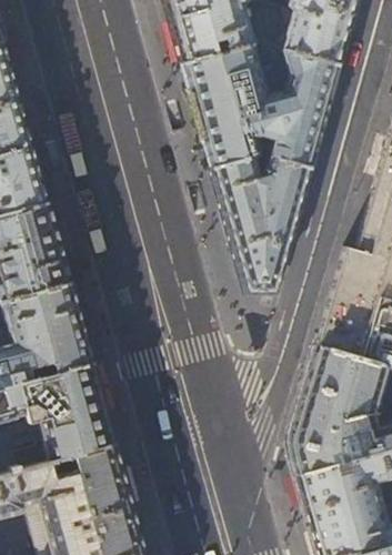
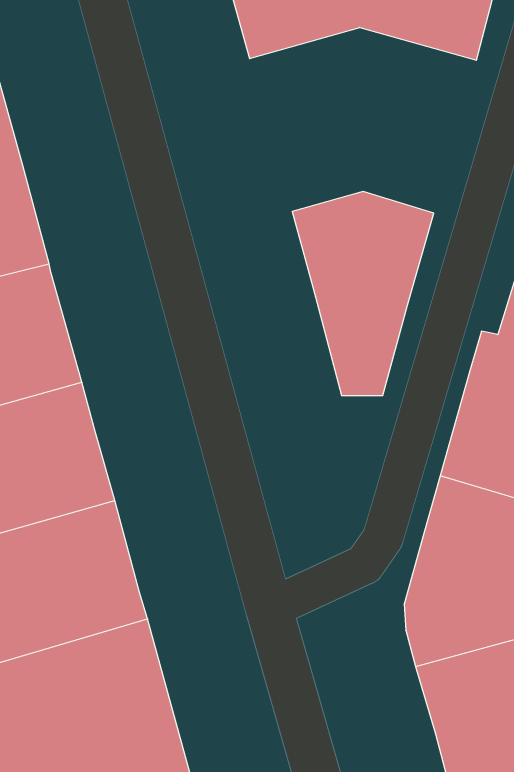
building: [185,50,339,175] -> none

